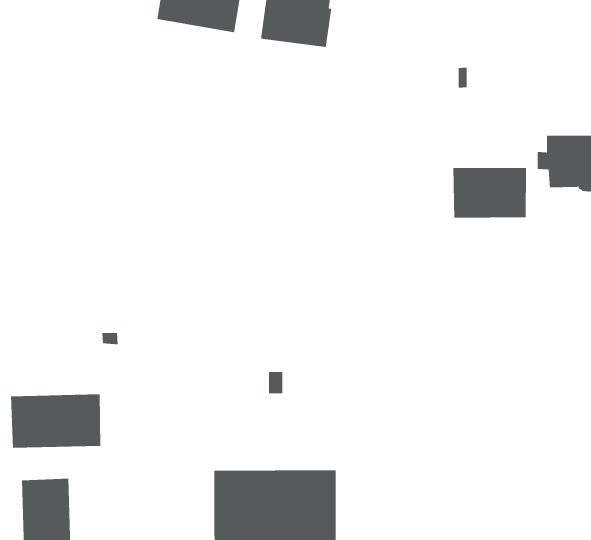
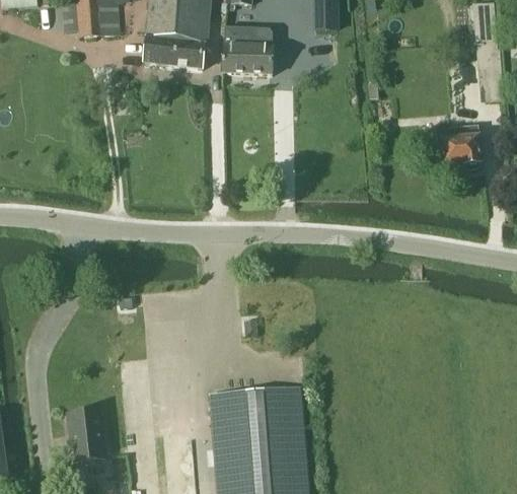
building: [453,167,526,218] -> none
building: [10,393,101,449] -> none

